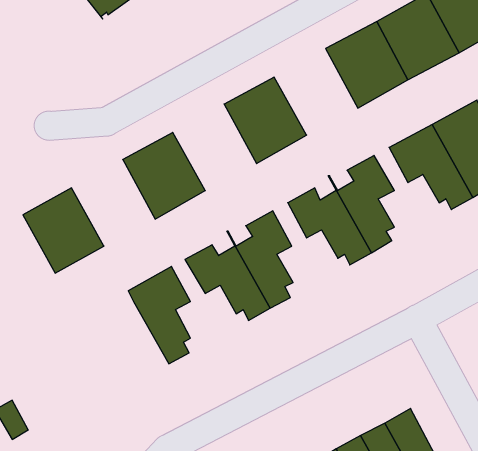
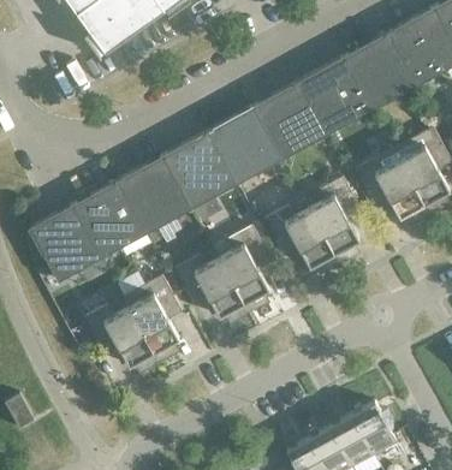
building: none -> [254,81,328,157]
building: none -> [163,130,238,207]
building: none -> [73,179,148,256]
building: none -> [84,304,160,371]

